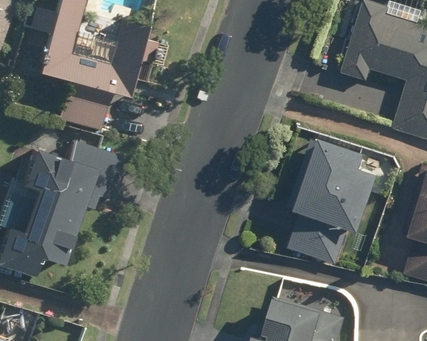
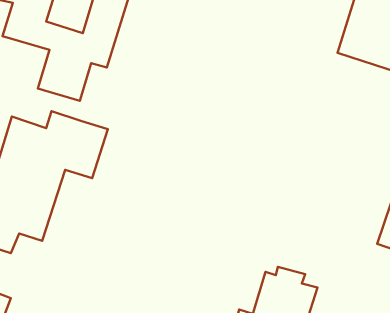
building: [274,145,371,266] -> none

